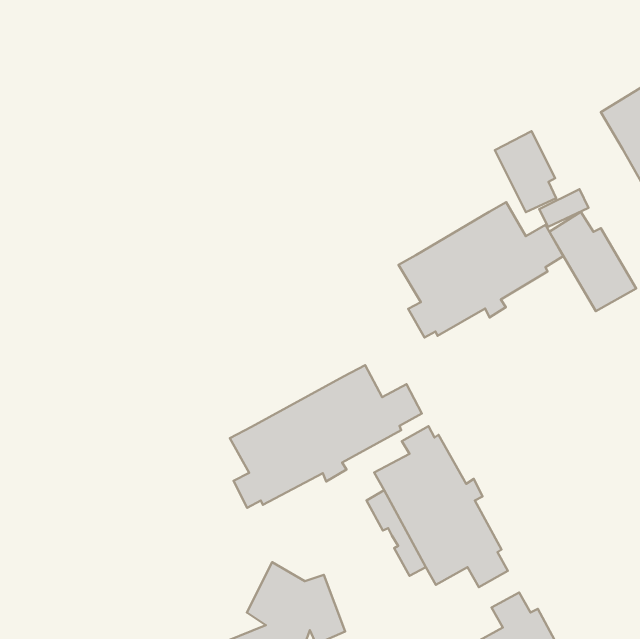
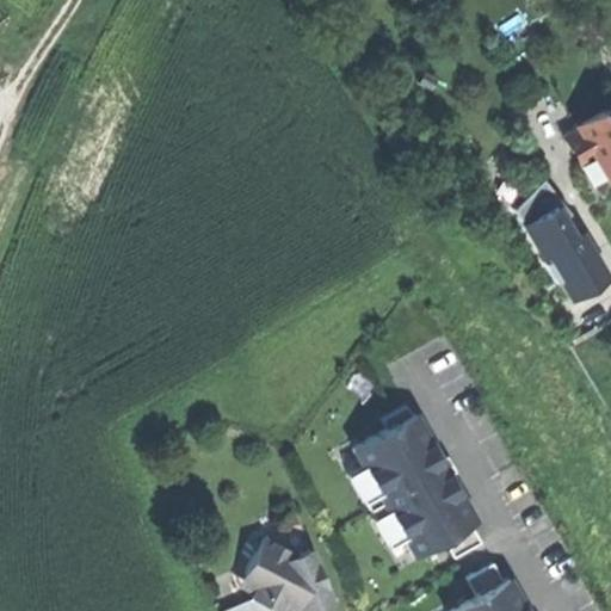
building: [495,131,556,212] -> none
building: [399,202,563,338] -> none
building: [230,365,422,508] -> none

